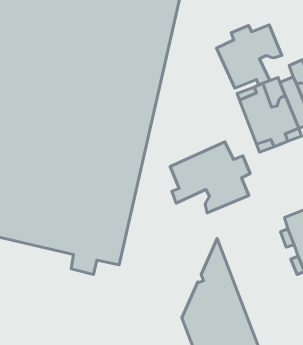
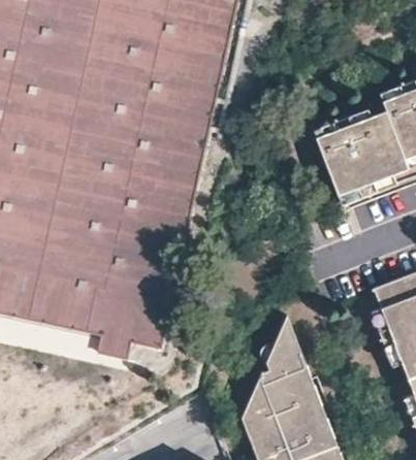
building: [216,25,282,88] -> none
building: [170,142,250,213] -> none

